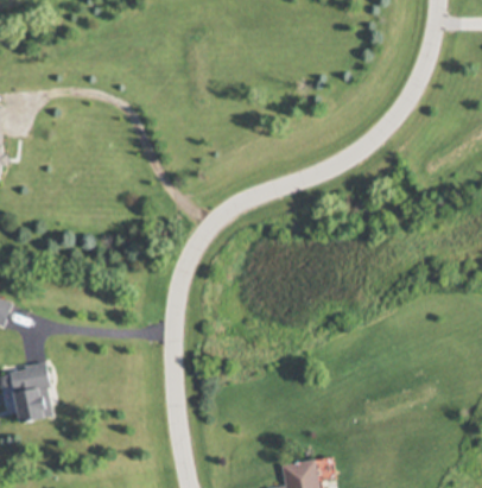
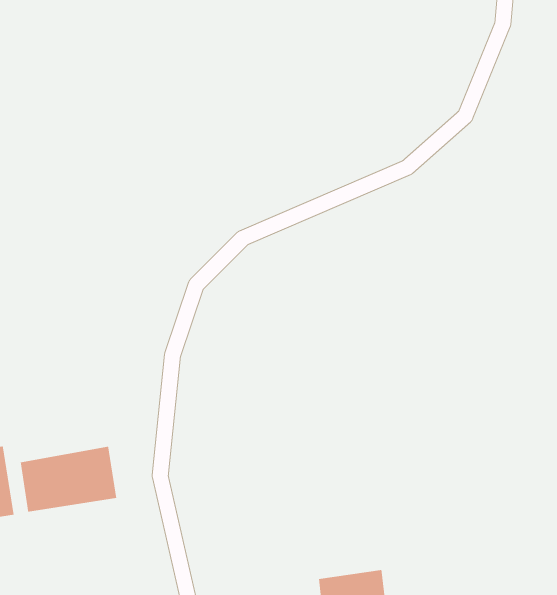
building: none -> [20,446,117,512]

